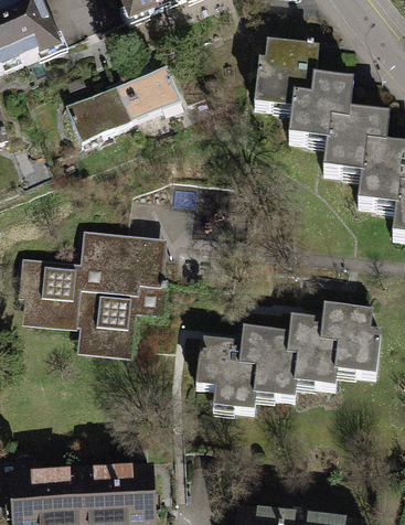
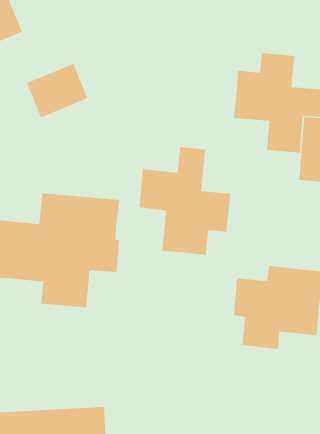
building: [256,41,320,115] -> none
building: [117,67,182,125] -> none
building: none -> [139,146,231,256]
building: [196,325,299,414] -> none

